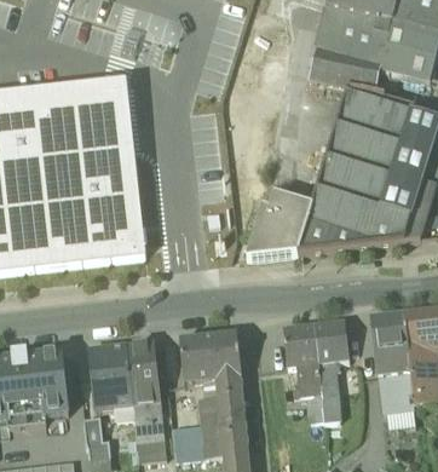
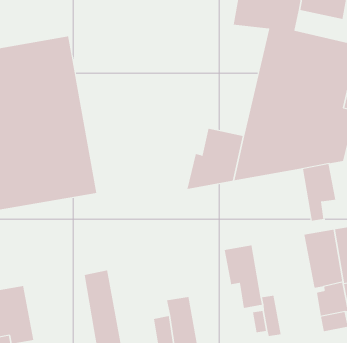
building: [313,320,348,381] -> [302,164,336,221]
building: [180,332,241,380] -> none
building: [90,344,133,408] -> none

